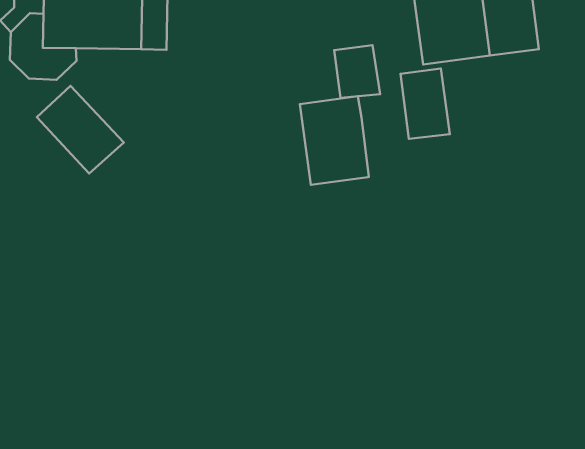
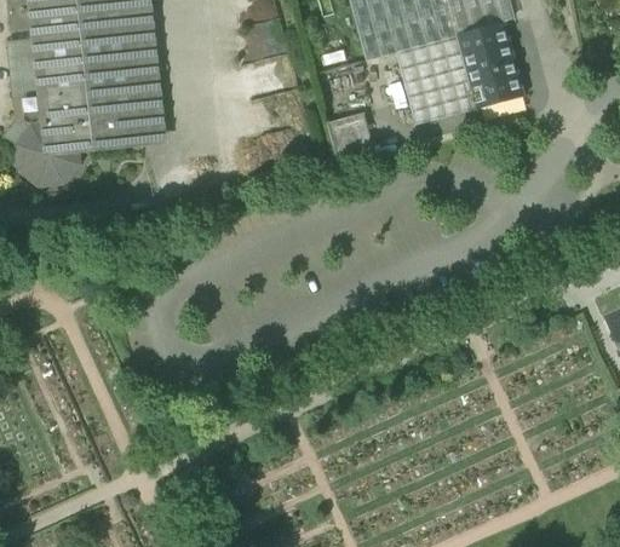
building: [400,69,450,139] -> none
building: [37,86,124,173] -> none
building: [300,96,369,185] -> none

